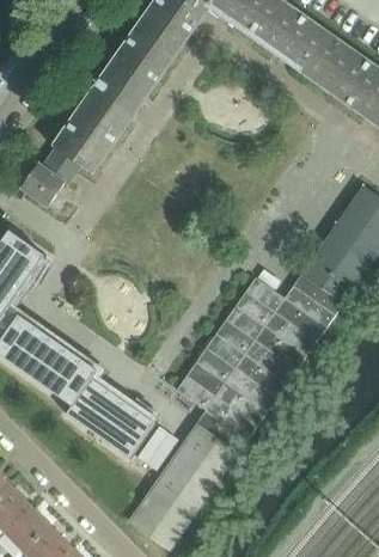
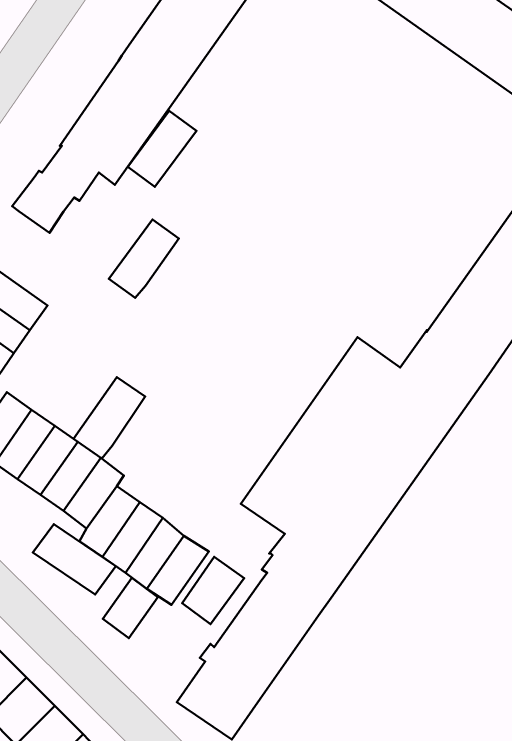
building: none -> [128,111,196,187]
building: none -> [109,220,179,298]
building: none -> [73,377,145,458]
building: none -> [33,524,116,595]
building: none -> [103,578,158,638]

